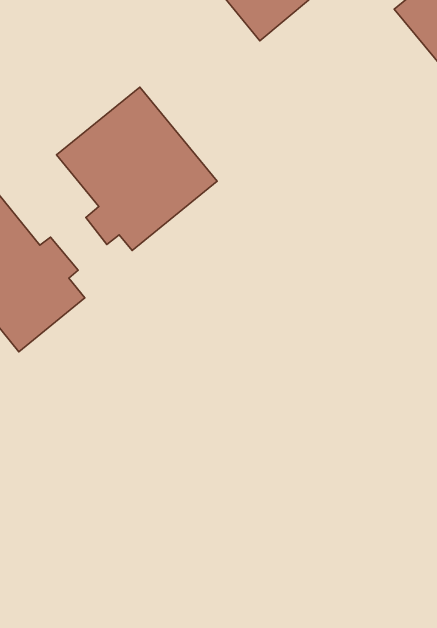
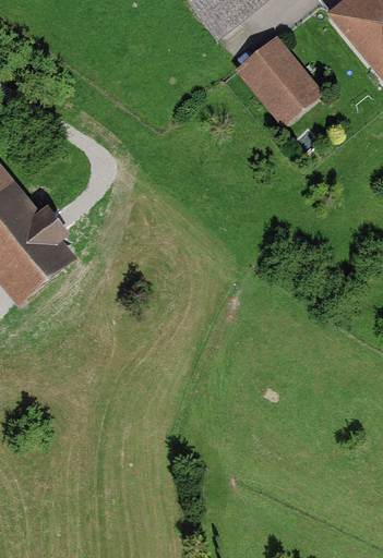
building: none -> [237,34,322,123]
building: [57,87,217,250] -> none

